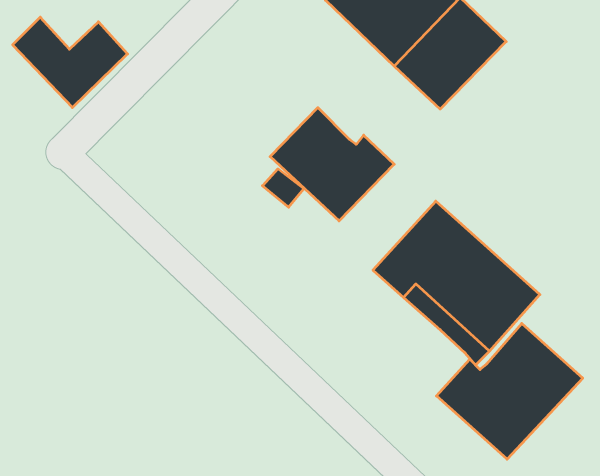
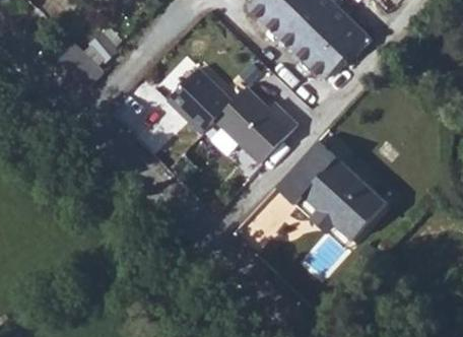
building: none -> [167,64,233,129]
building: [436,323,583,459] -> none

